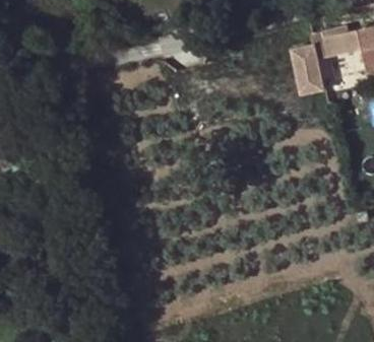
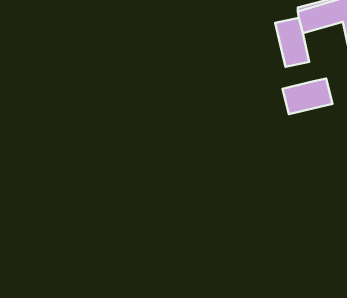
building: none -> [283,79,332,114]

